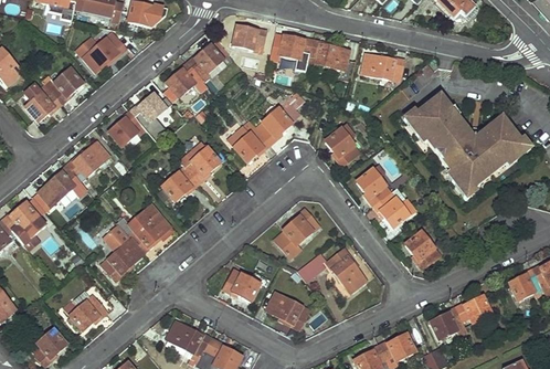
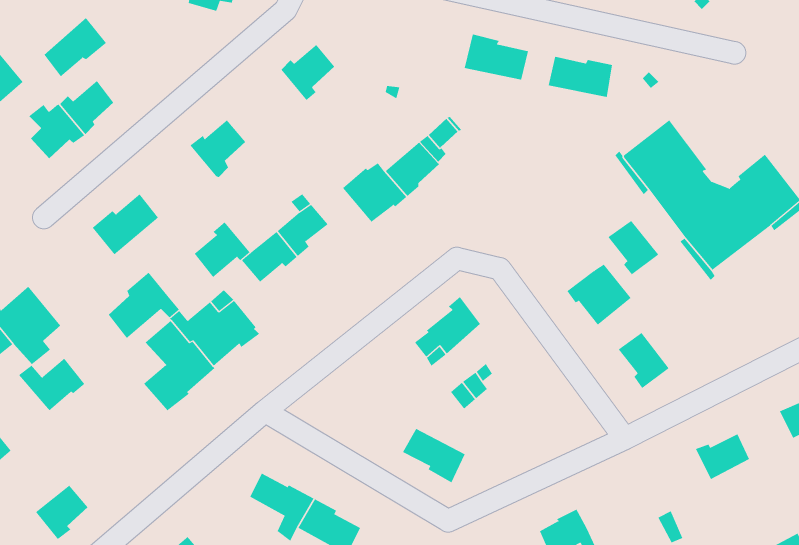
building: [231,25,264,51] -> none
building: [84,32,125,71] -> [43,17,107,77]
building: [278,35,311,61] -> none
building: [167,62,204,98] -> none
building: [109,110,146,147] -> [194,221,251,278]
building: [326,124,359,166] -> none
building: [40,164,86,207] -> [108,272,180,339]
building: [357,169,390,204] -> [608,220,659,275]
building: [327,247,364,289] -> none
building: [223,270,267,299] -> none
building: [62,295,105,329] -> [18,358,85,411]
building: [430,306,467,338] -> none
building: [379,335,413,359] -> none

